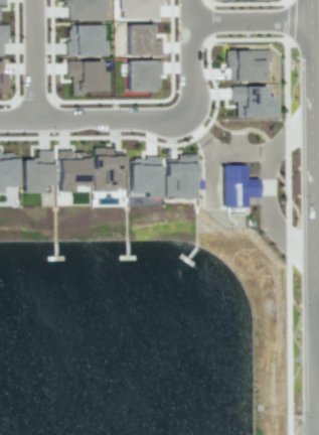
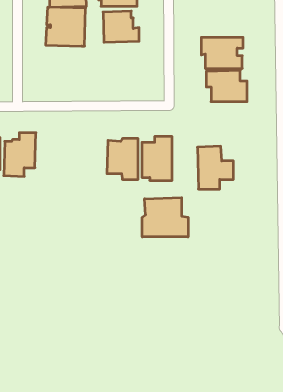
building: [66,60,110,94] -> none
building: [127,60,165,93] -> none
building: [95,147,127,192] -> none
building: [60,150,90,194] -> none
building: none -> [142,198,188,237]

